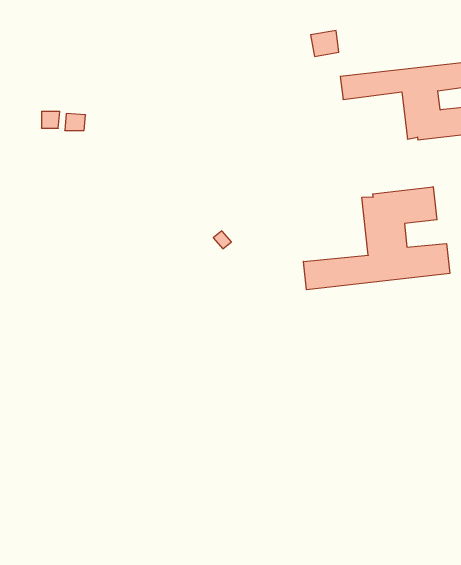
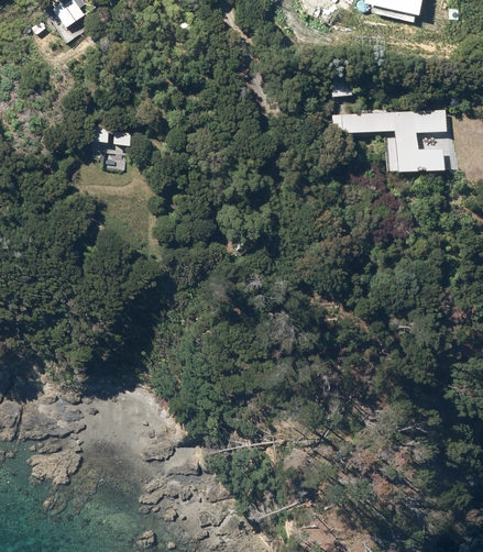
building: [303,187,450,290] -> none

